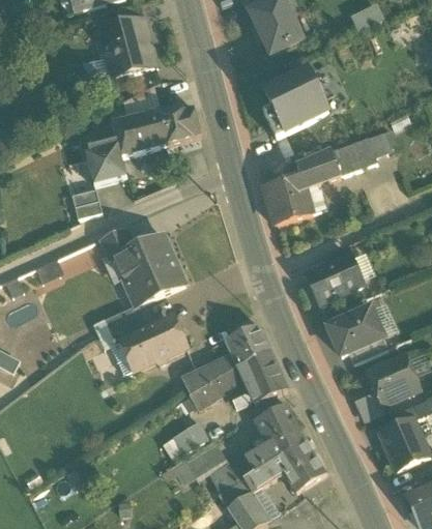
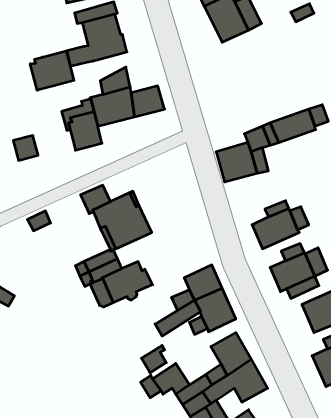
building: none -> [30,51,74,90]
building: [263,70,327,137] -> none
building: [71,188,102,218] -> [13,136,38,160]
building: [180,363,217,395] -> none
building: [354,391,385,422] -> none

